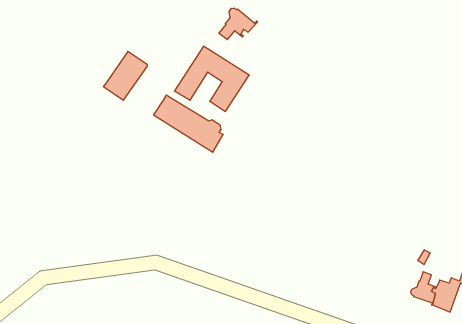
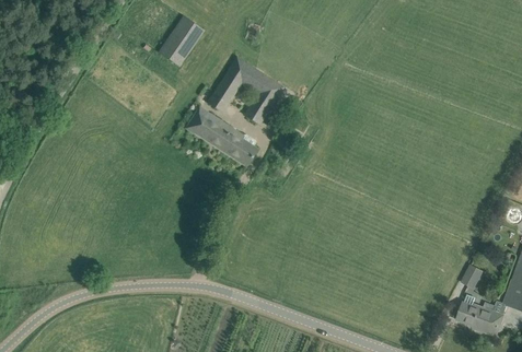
building: [219,8,257,40] -> none
building: [104,51,147,100] -> [159,15,205,67]

